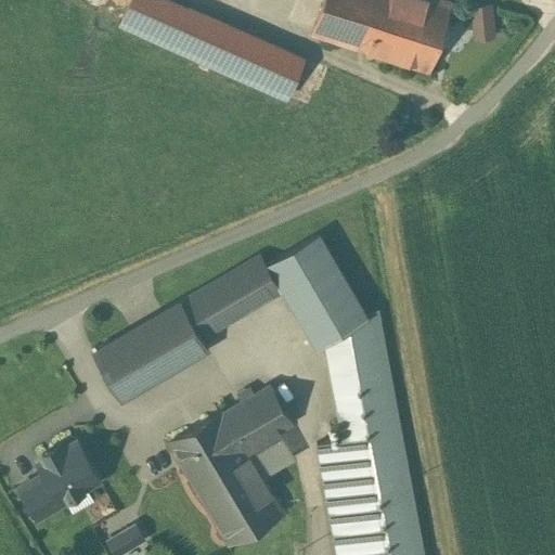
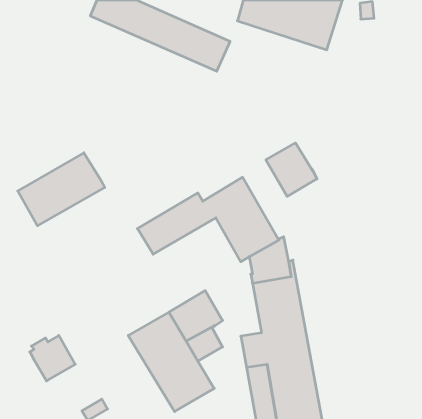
building: none -> [266,143,317,196]
building: [94,305,208,400] -> [18,153,105,226]
building: [21,476,65,520] -> none

